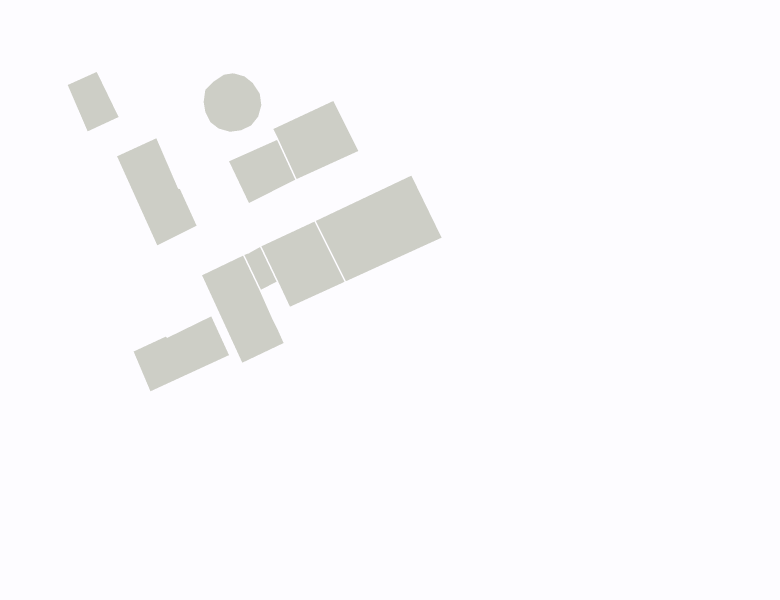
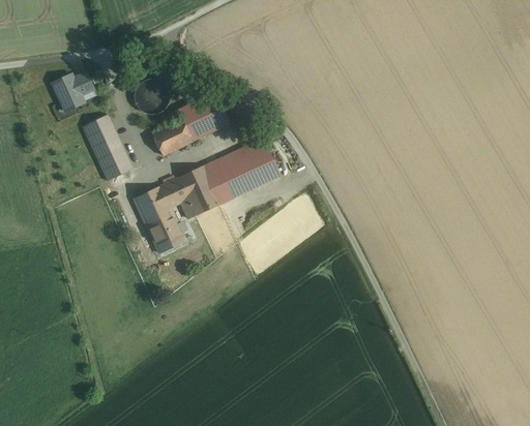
building: [133,315,230,392] -> none

